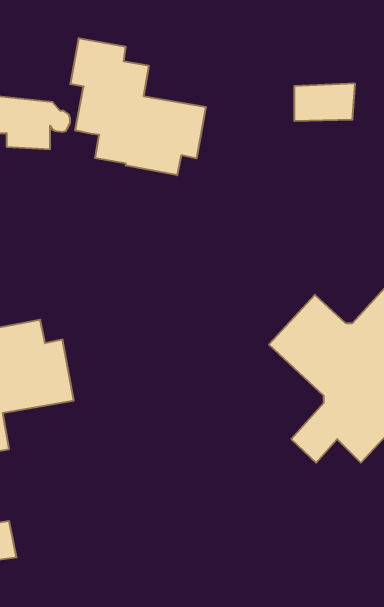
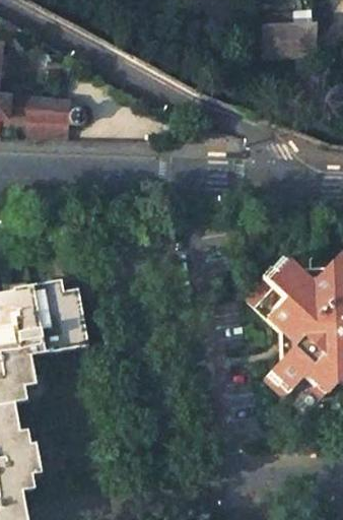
building: [70,38,206,175] -> none
building: [294,84,355,121] -> [266,23,316,54]

